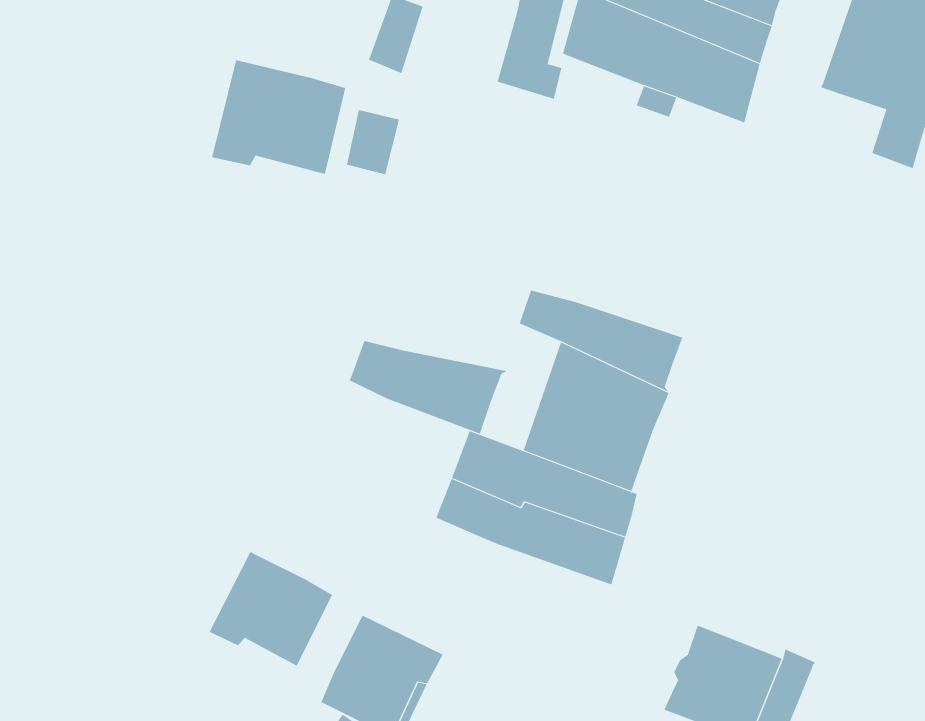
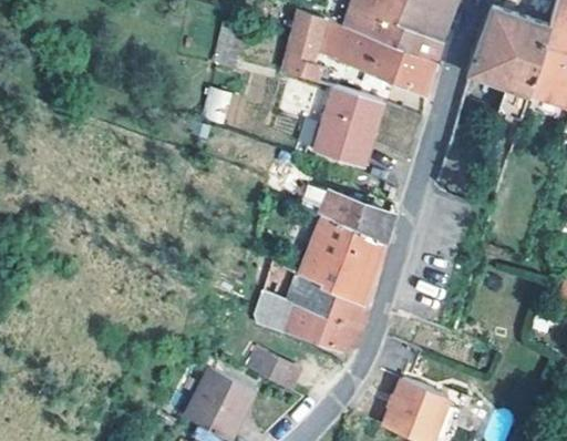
building: [211,59,346,175] -> none
building: none -> [320,86,379,165]
building: [349,340,508,435] -> none
building: [209,551,333,666] -> none
building: none -> [249,351,299,391]

